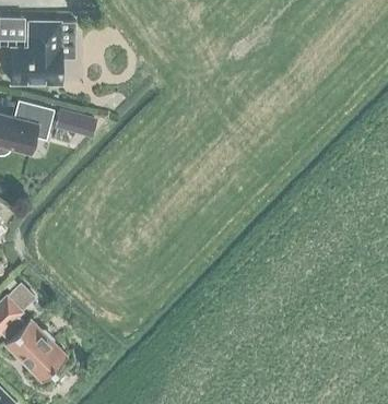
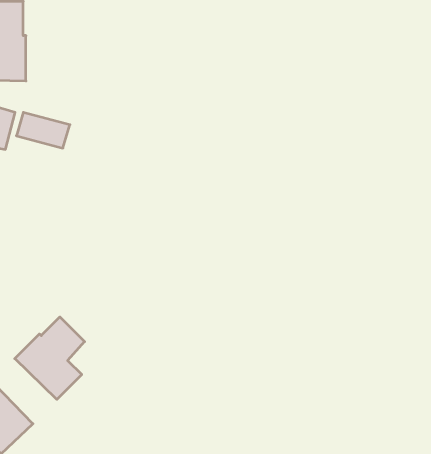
building: none -> [15,317,85,399]

